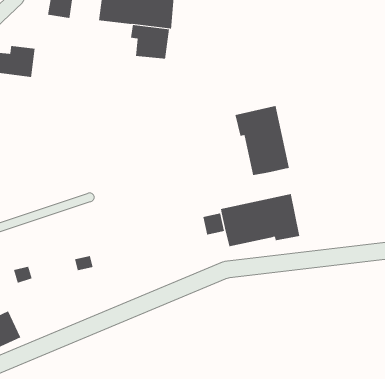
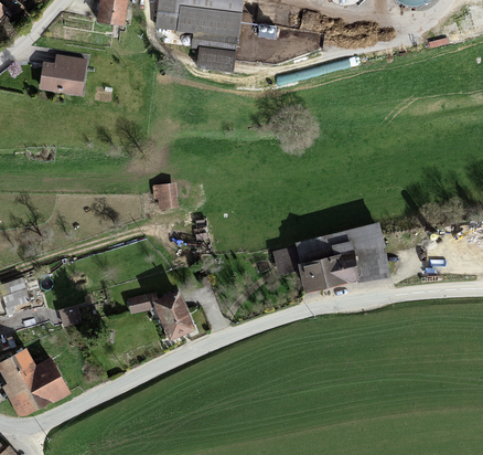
building: [235,105,290,176] -> none
building: none -> [150,183,178,207]
building: none -> [153,292,194,339]

